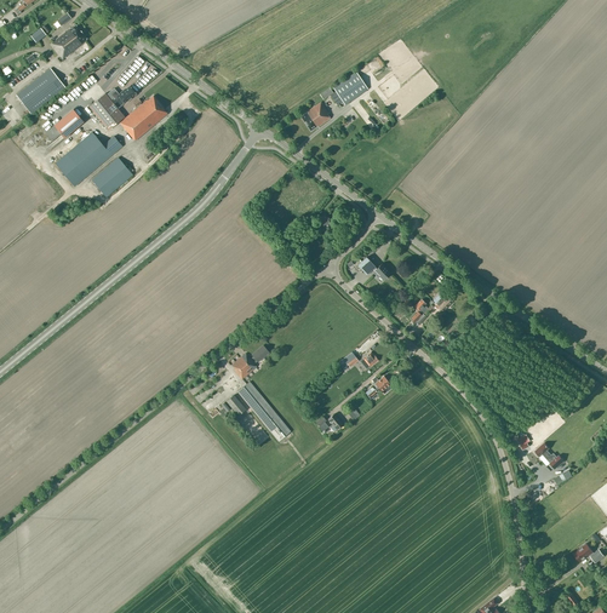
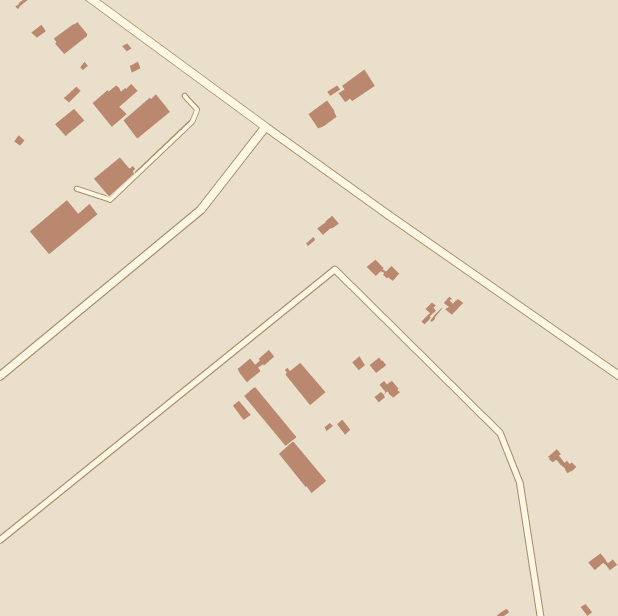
building: [16,68,65,114] -> none
building: [55,132,122,187] -> [29,199,98,255]
building: none -> [284,362,327,406]
building: none -> [278,441,327,494]

